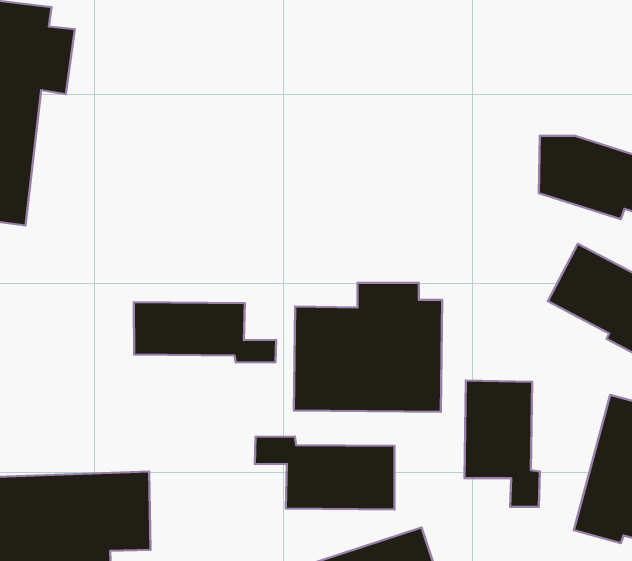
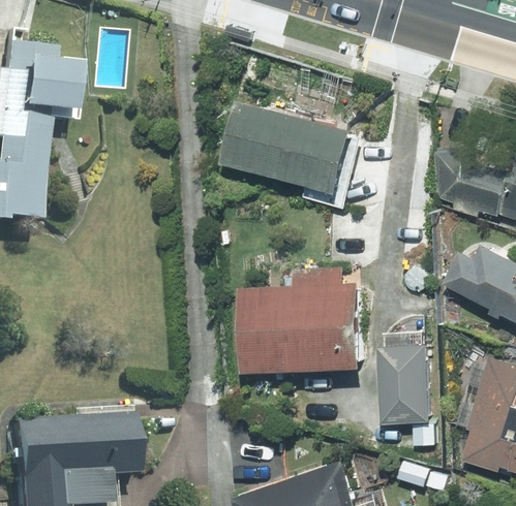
building: none -> [219,98,366,210]
building: [134,302,276,363] -> none
building: [255,436,395,510] -> none

